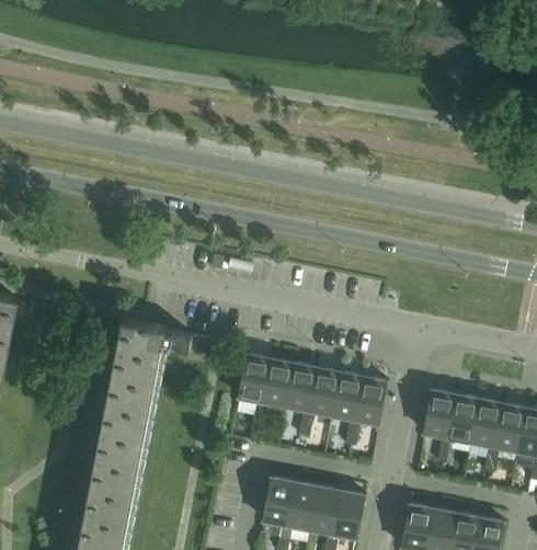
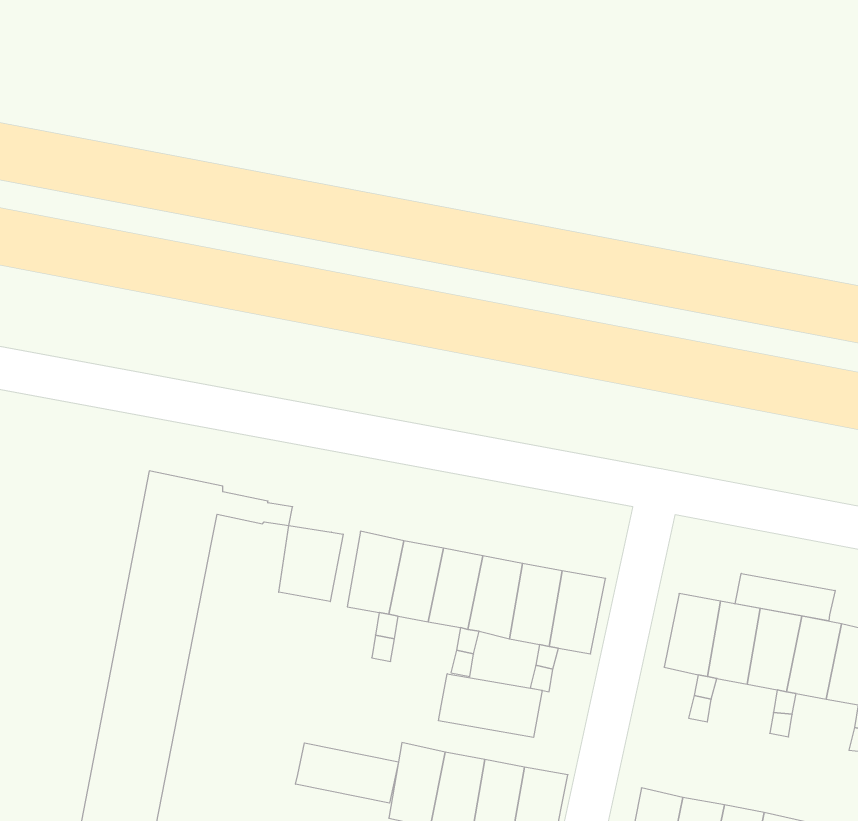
building: none -> [279,526,343,602]
building: none -> [735,573,835,621]
building: none -> [439,674,542,737]
building: none -> [296,743,399,803]

